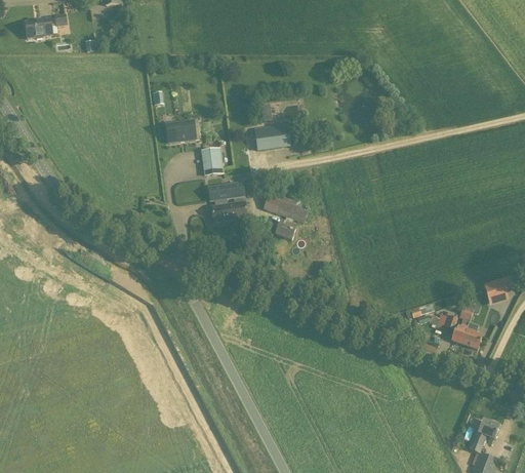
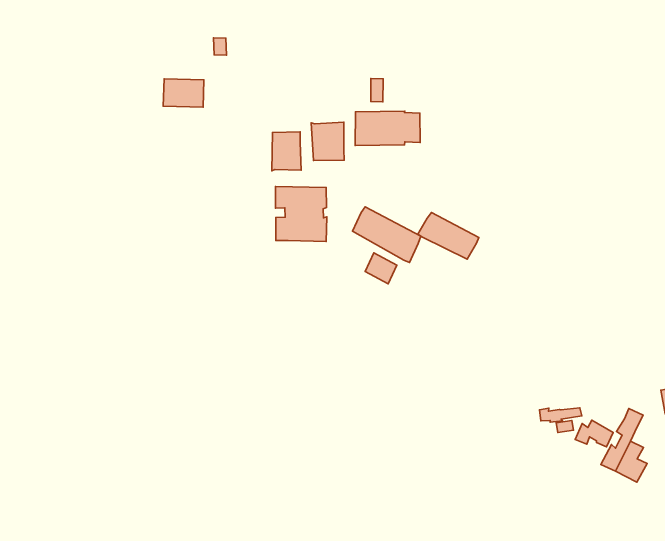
building: [166,120,195,142] -> [163,79,204,107]
building: none -> [311,122,344,160]
building: none -> [418,213,479,259]

